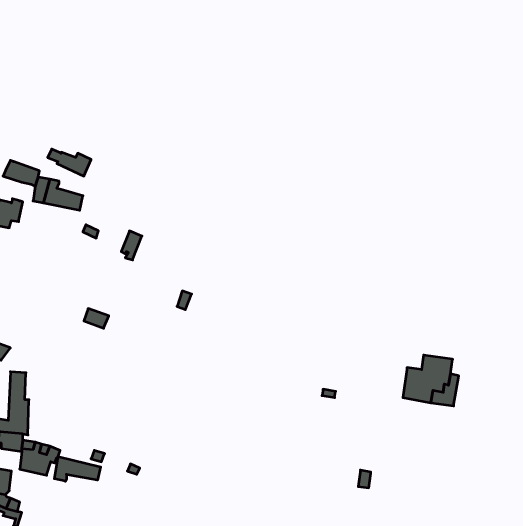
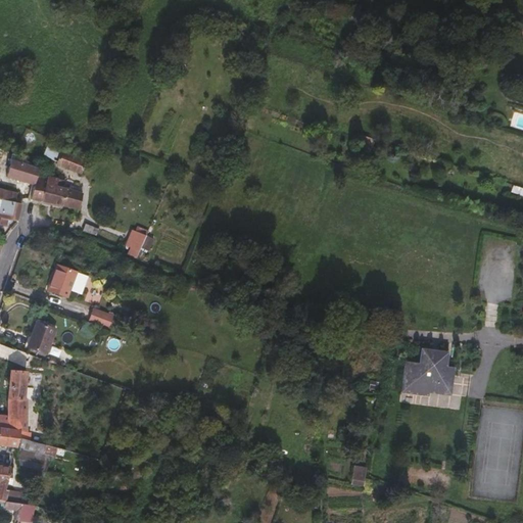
building: none -> [52,265,81,296]
building: none -> [31,322,60,352]
building: [54,457,101,481] -> none

